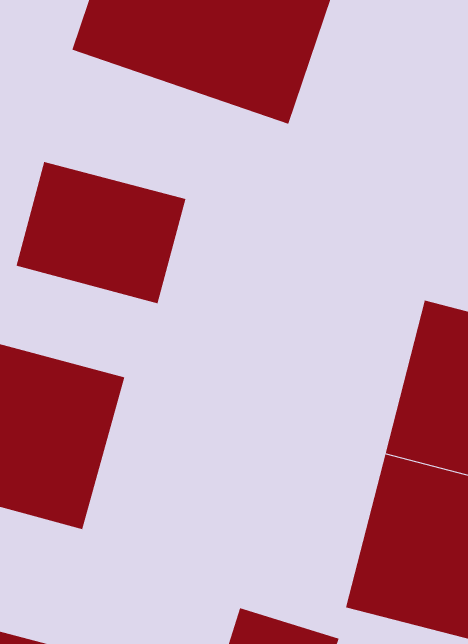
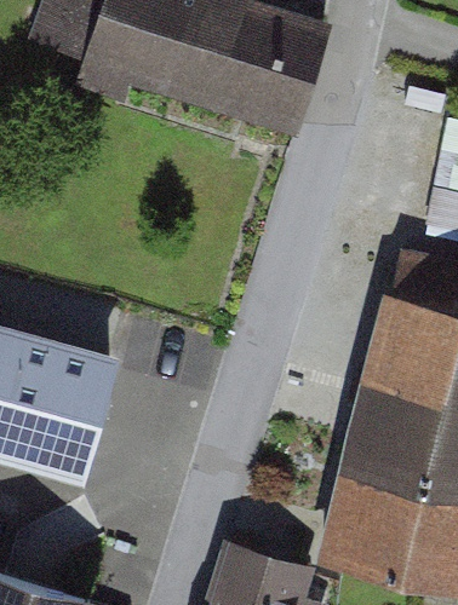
building: [16,161,186,304] -> none

